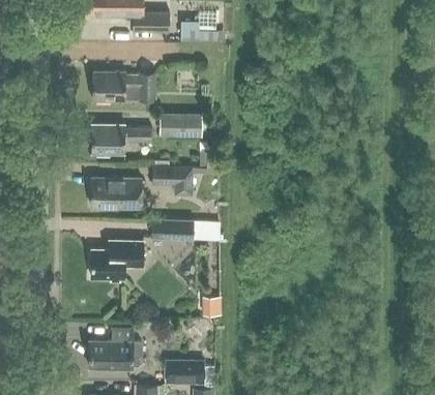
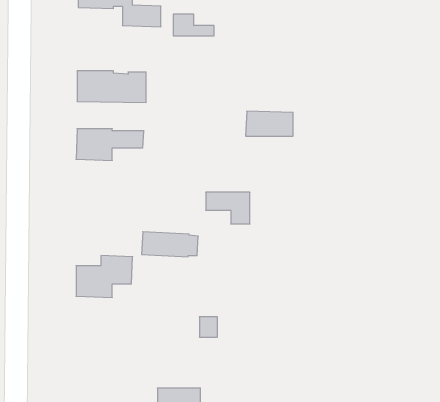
building: [160,112,203,134] -> [246,111,293,136]
building: [153,165,194,194] -> [206,192,250,224]
building: [90,178,142,207] -> none
building: [89,328,141,368] -> none

